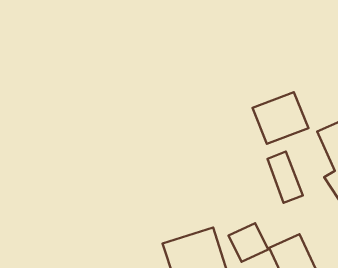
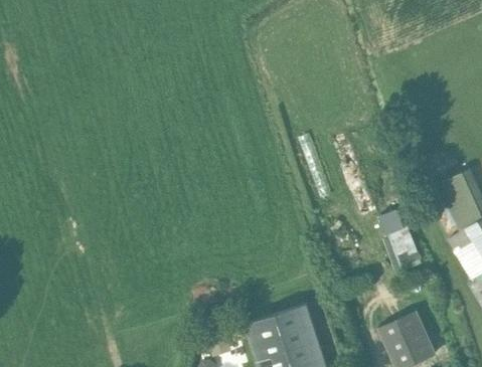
building: [253,92,308,144] -> none
building: [229,223,268,262] -> none

